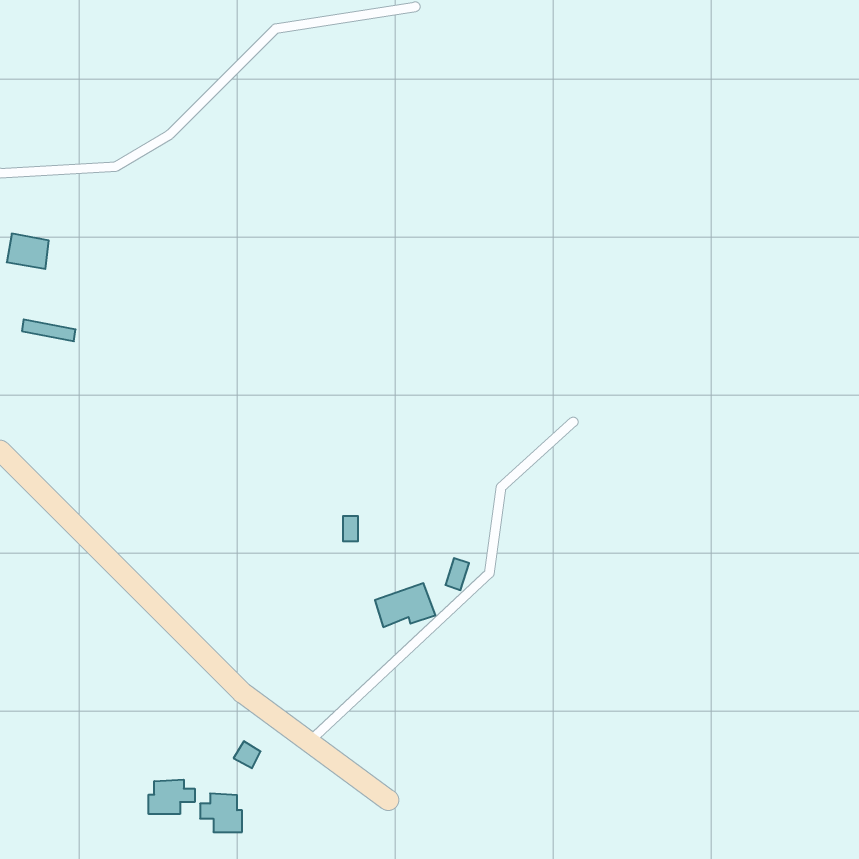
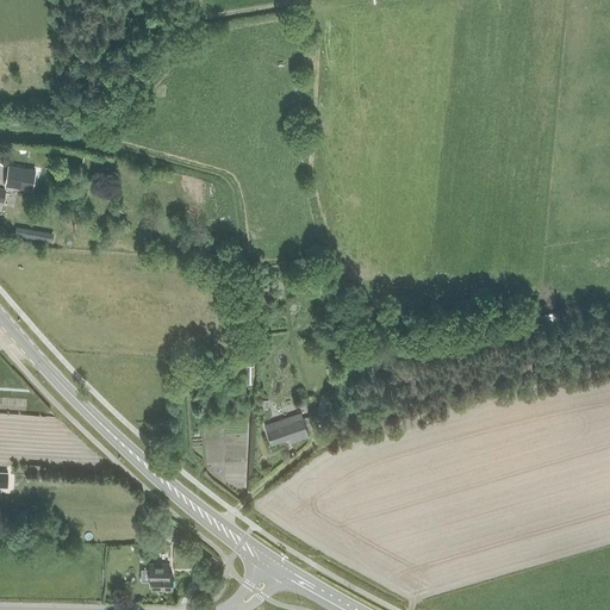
building: [149,780,195,814] -> none

